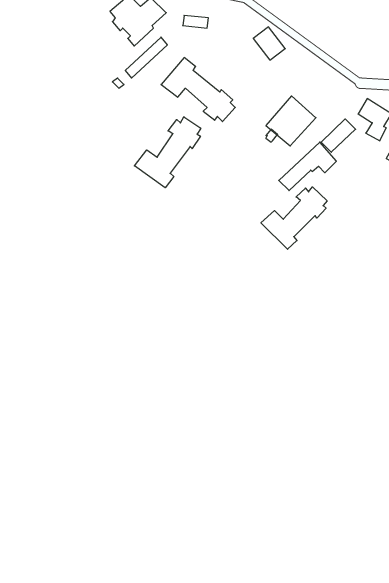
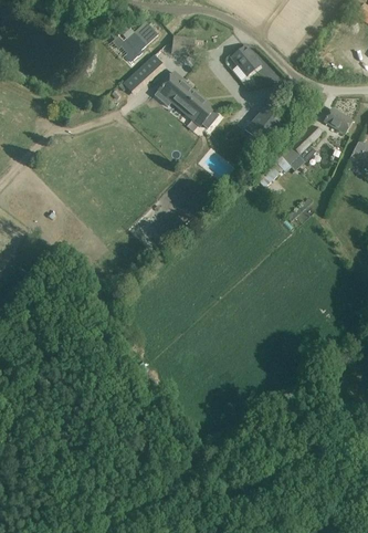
building: [134,117,201,188] -> none
building: [261,187,327,249] -> none

